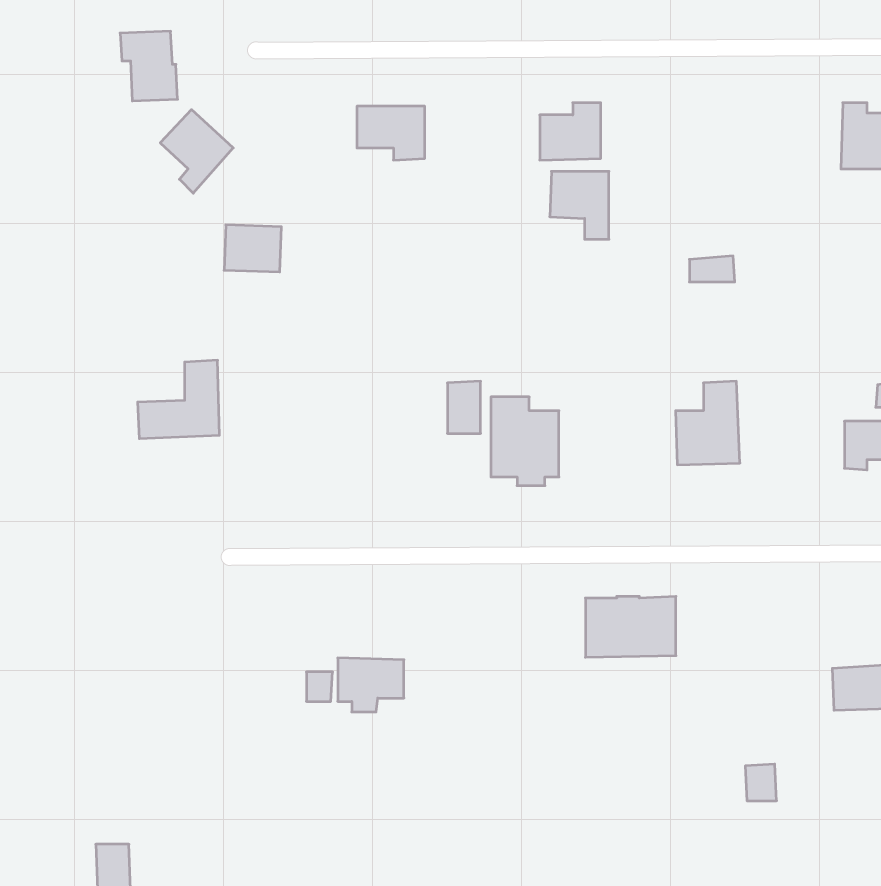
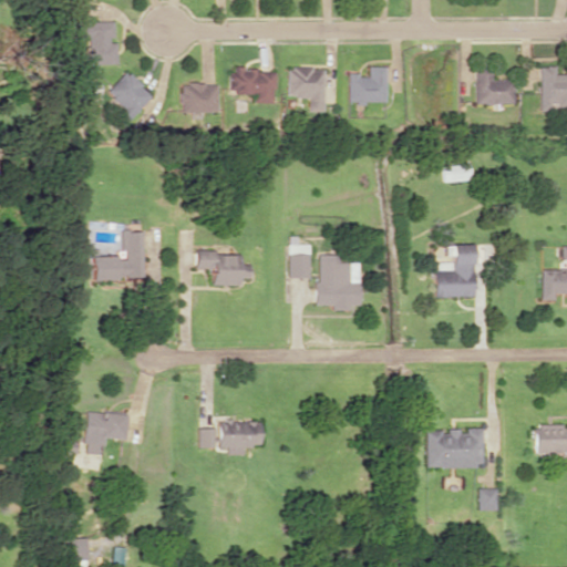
building: none -> [475,66,515,105]
building: [550,171,609,239] -> [288,69,326,112]
building: [224,225,281,272] -> [183,84,219,114]
building: none -> [197,254,250,286]
building: [585,596,676,657] -> [427,430,485,468]
building: none -> [85,413,127,455]

